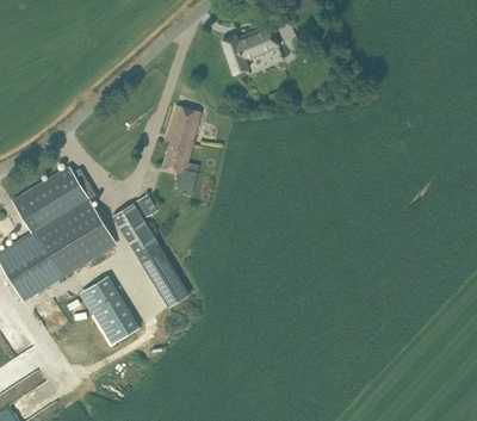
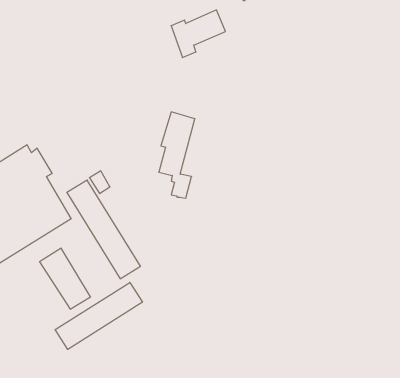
building: [163,105,202,196] -> [159,112,195,198]
building: none -> [55,282,142,349]

